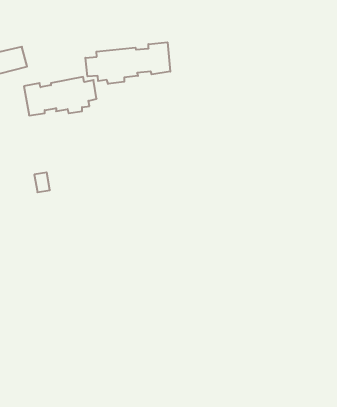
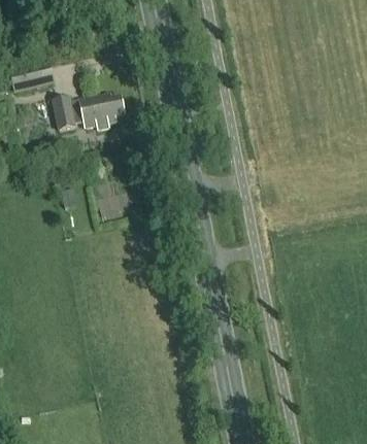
building: [85,42,170,84] -> none

